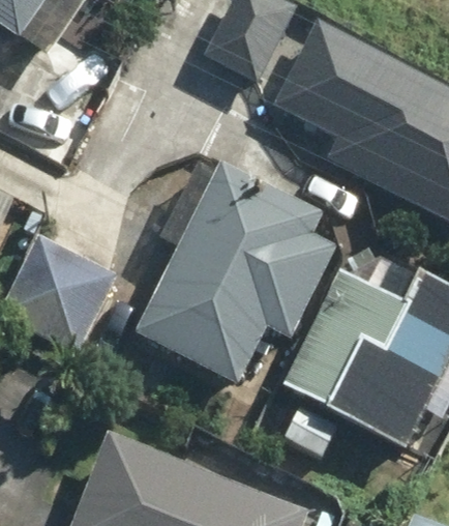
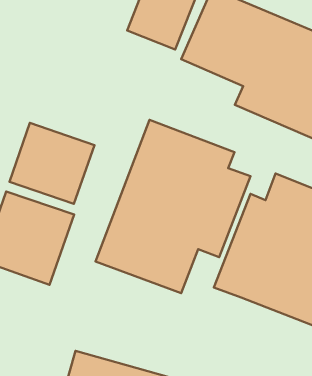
building: none -> [10,123,95,204]

